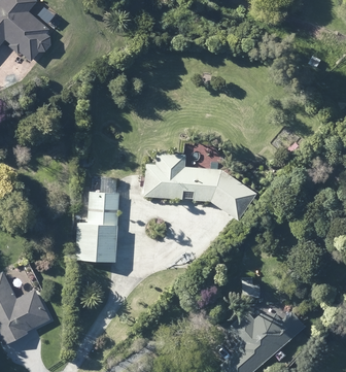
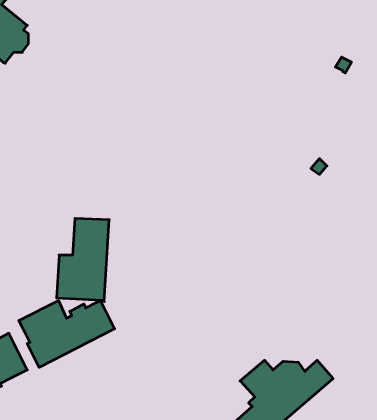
building: [144,151,256,221] -> none
building: none -> [19,301,115,367]

